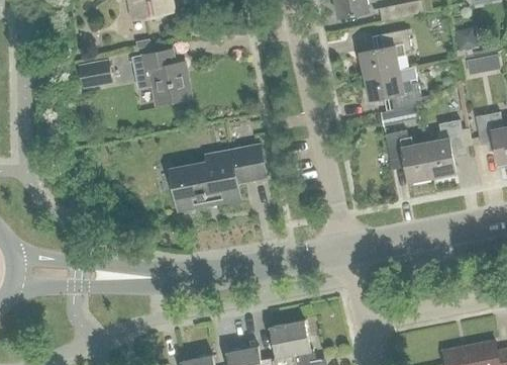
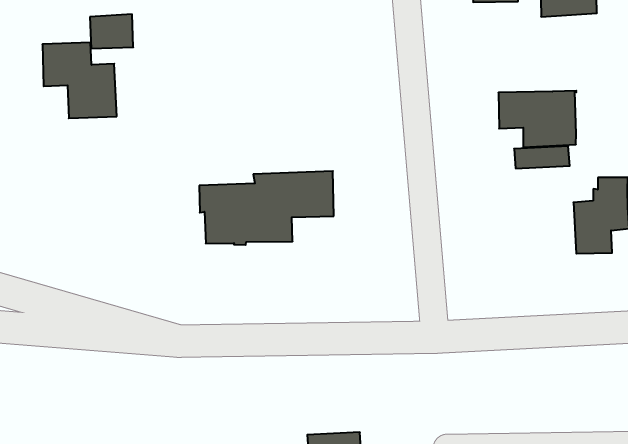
building: [360,30,411,77] -> none
building: [132,52,190,105] -> [42,42,117,118]
building: [386,131,432,183] -> none

